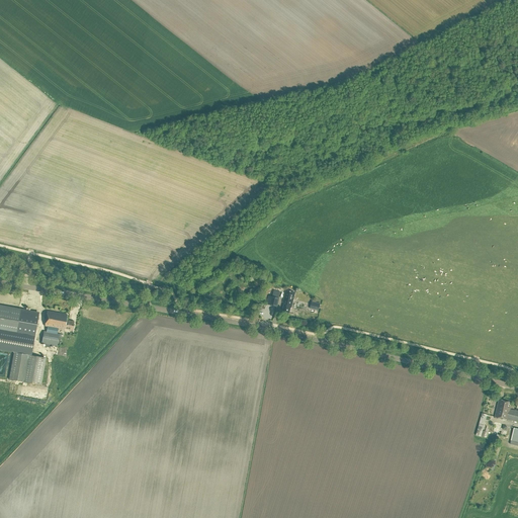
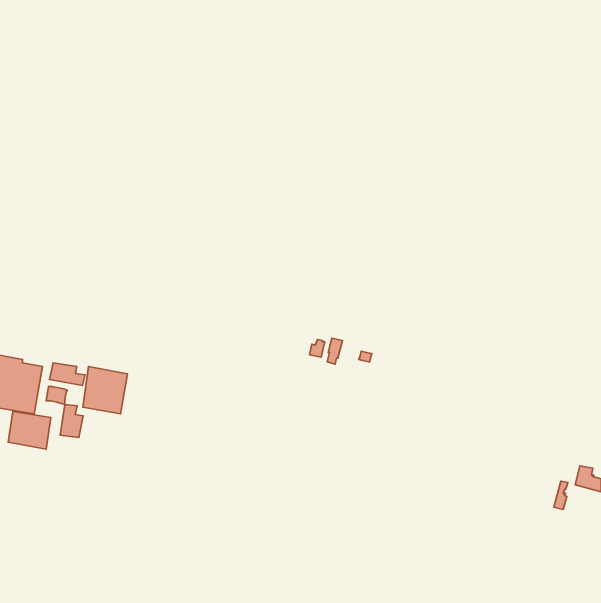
building: none -> [83,367,128,414]
building: none -> [60,404,83,438]

